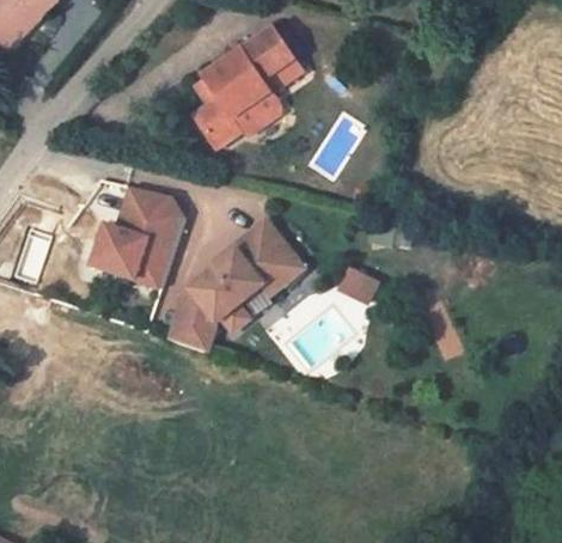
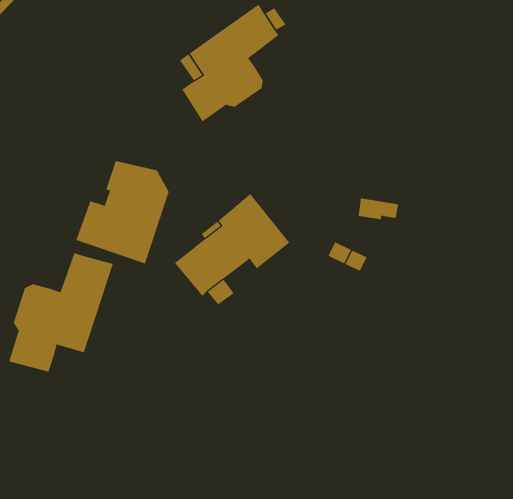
building: none -> [8,252,113,373]
building: [167,285,215,352] -> none

